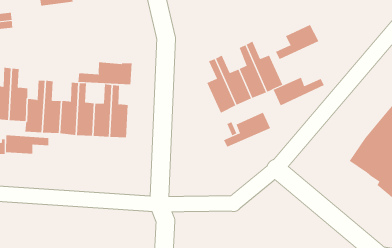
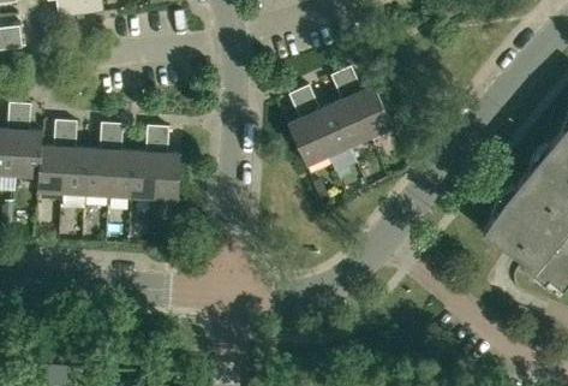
building: [275,24,319,60] -> none
building: [78,62,132,85] -> none
building: [273,77,324,106] -> none
building: [223,112,271,148] -> none
building: [5,135,49,155] -> none

